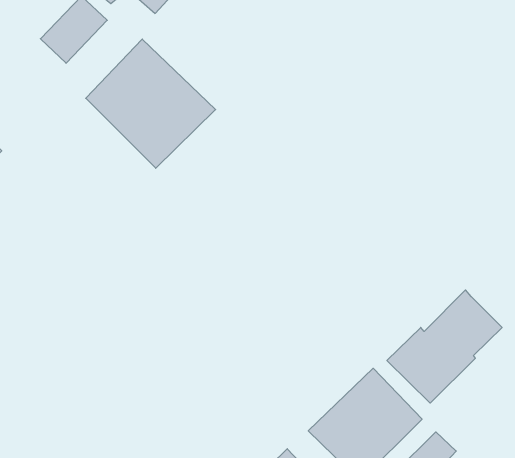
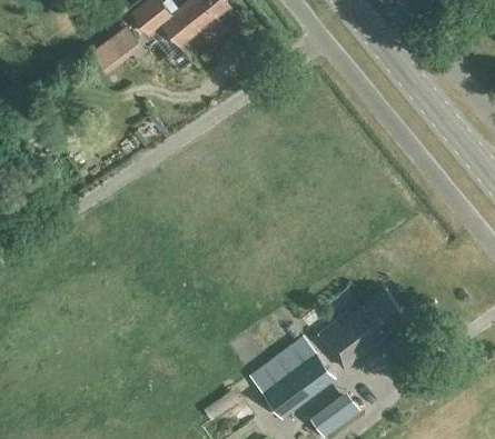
building: [86,39,216,168] -> none

